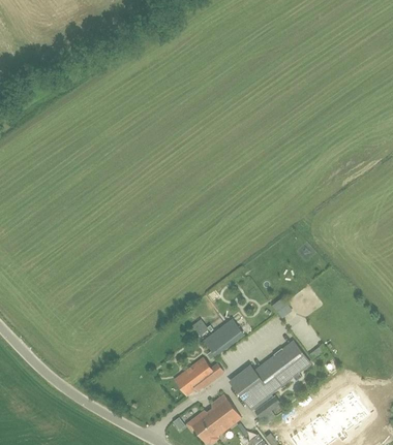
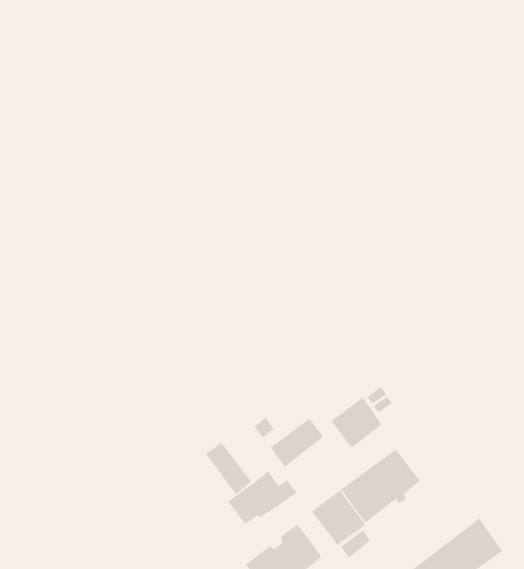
building: none -> [330,397,382,449]
building: none -> [205,442,252,495]

